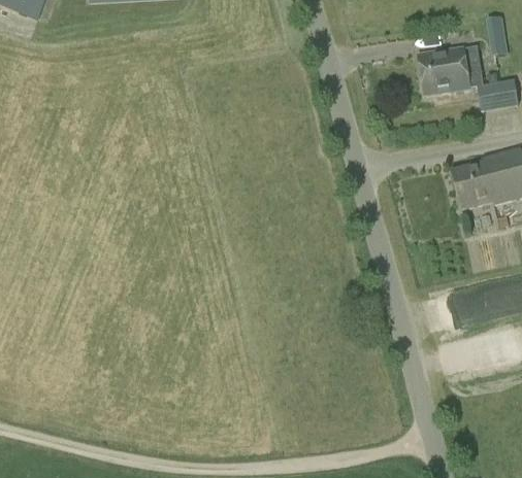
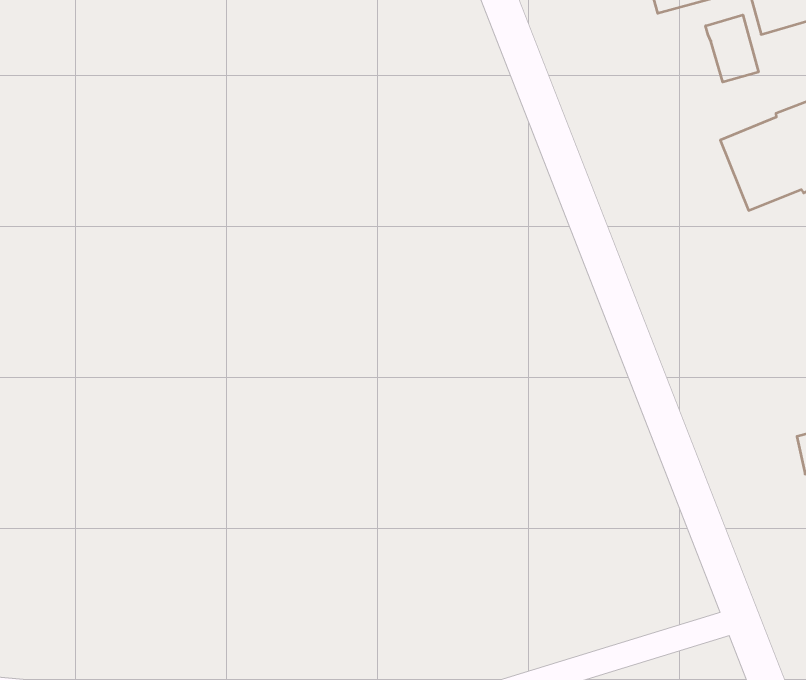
building: none -> [706,15,758,82]

